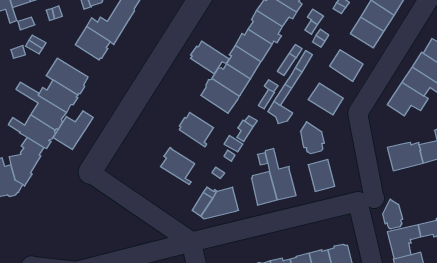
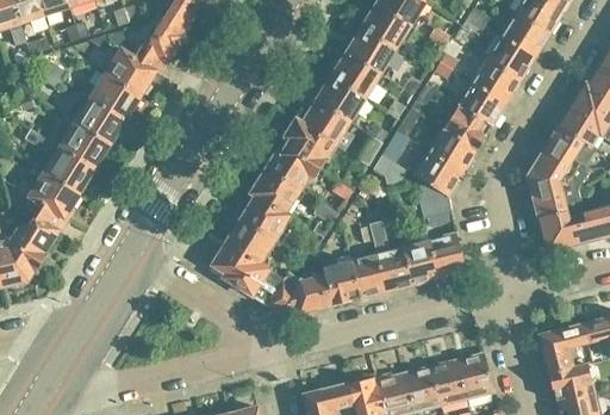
building: none -> [474,60,521,103]
building: [190,41,229,74] -> [266,145,319,191]
building: none -> [92,75,141,120]
building: none -> [443,99,492,150]
building: none -> [416,151,465,197]
building: none -> [530,159,590,218]
building: [53,111,93,150] -> none
building: none -> [241,193,287,241]
building: none -> [404,242,440,285]
building: none -> [208,244,266,296]
building: none -> [320,253,360,305]
building: [383,199,403,229] -> none

